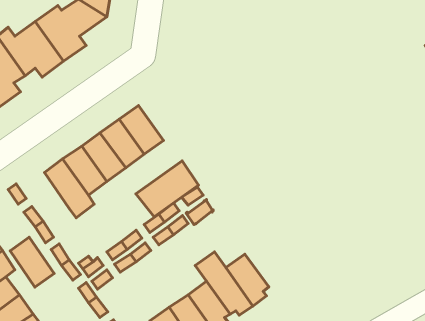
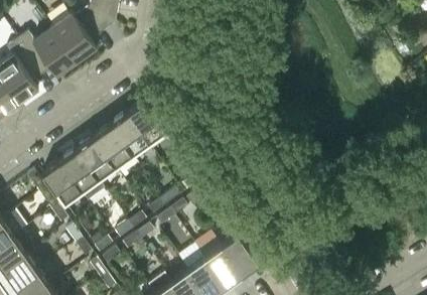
building: [136,161,199,217] -> none
building: [10,237,54,287] -> [42,160,82,204]

